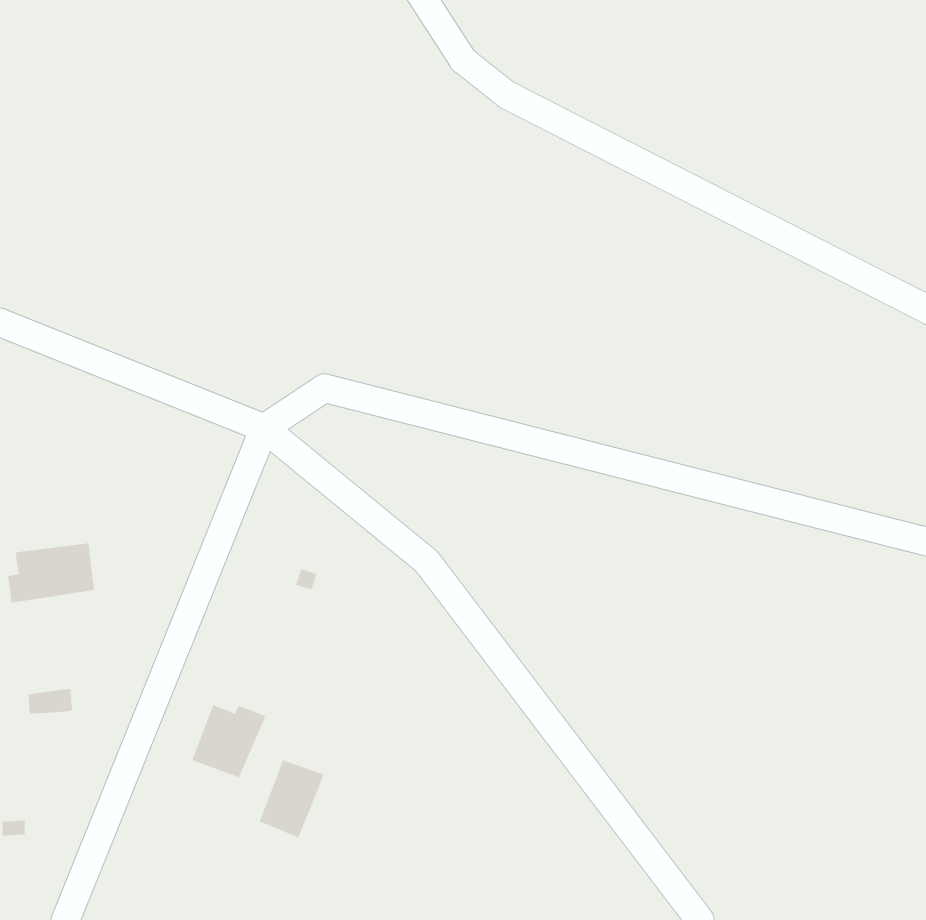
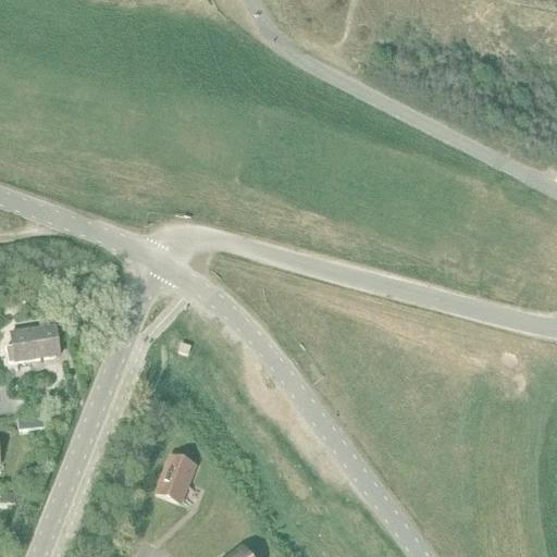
building: [192,704,266,778] -> none

